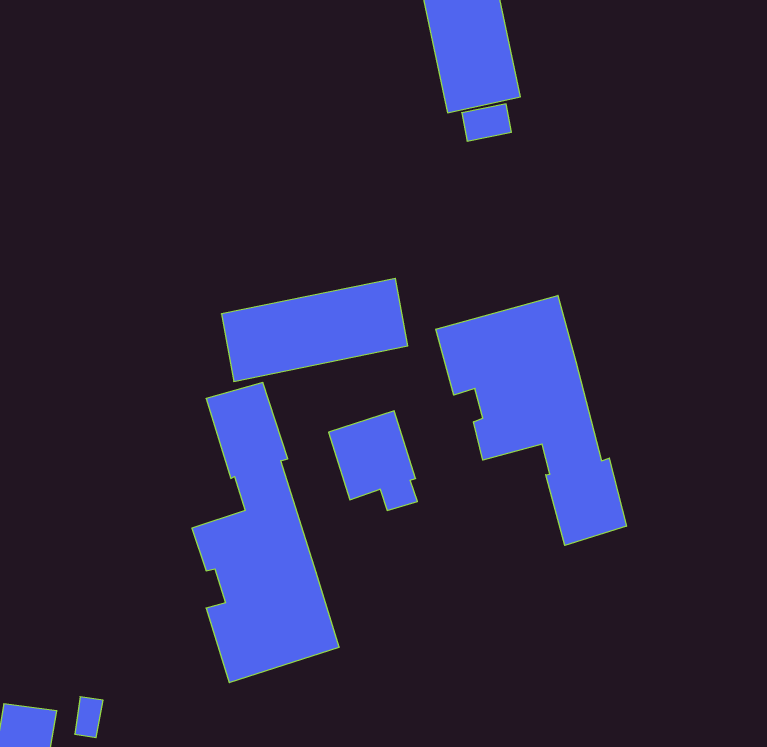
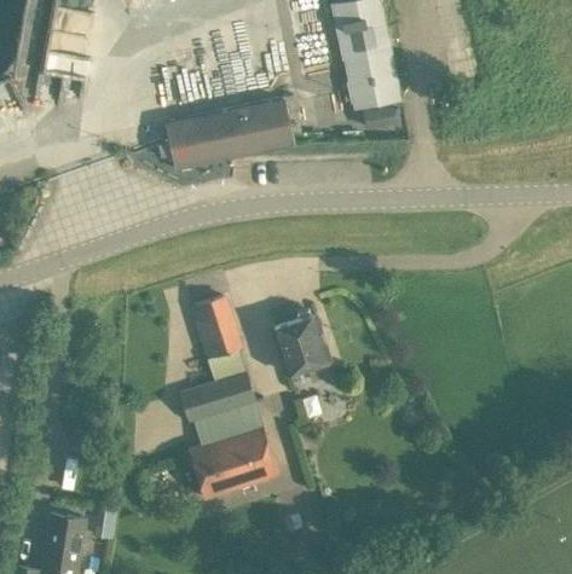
building: [221,278,408,381] -> [167,100,294,170]
building: [436,295,626,545] -> none

